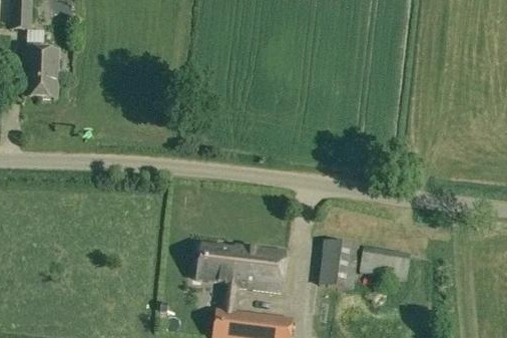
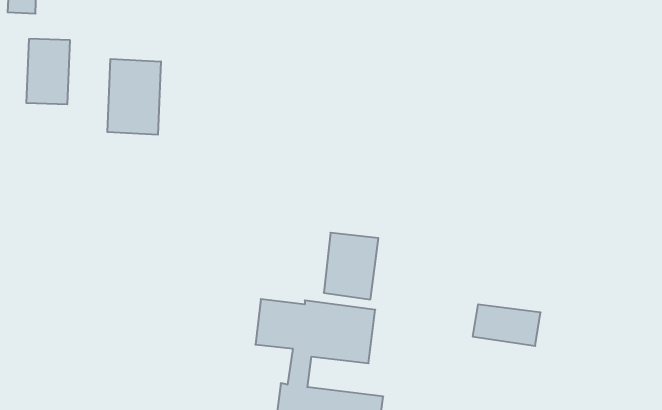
building: none -> [107,59,161,135]
building: [318,238,359,288] -> [324,233,378,299]

